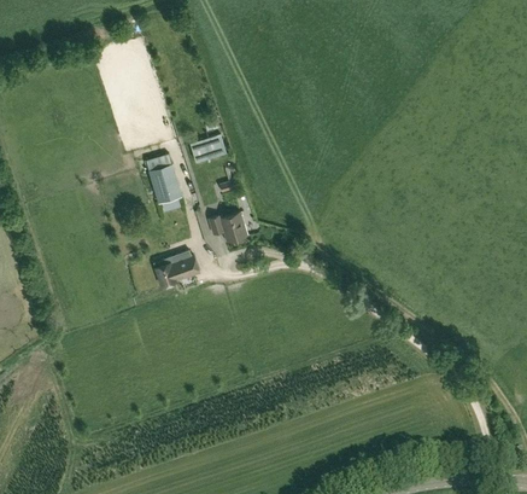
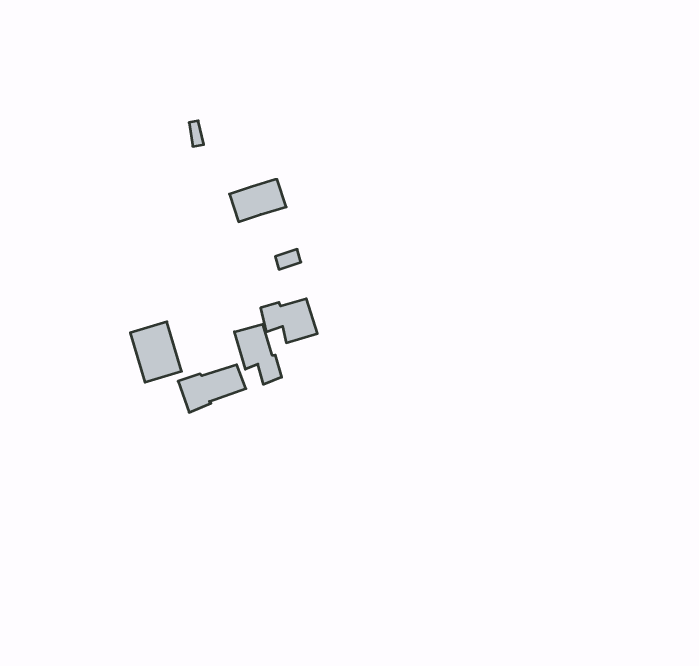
building: [147,163,181,203] -> [130,322,182,382]
building: none -> [234,324,282,384]

